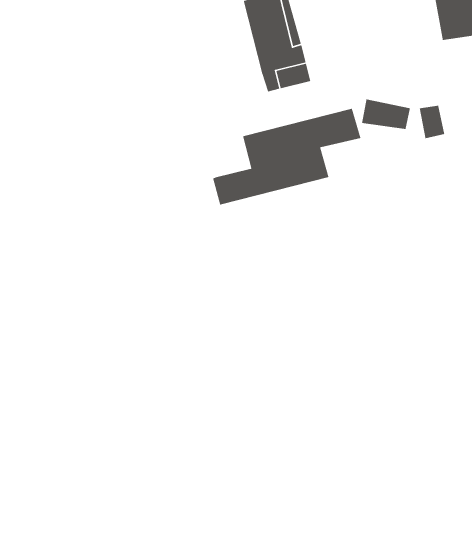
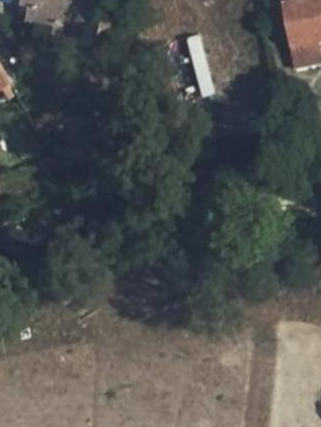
building: [212,108,362,206] -> none

